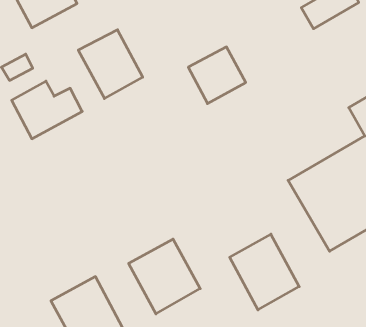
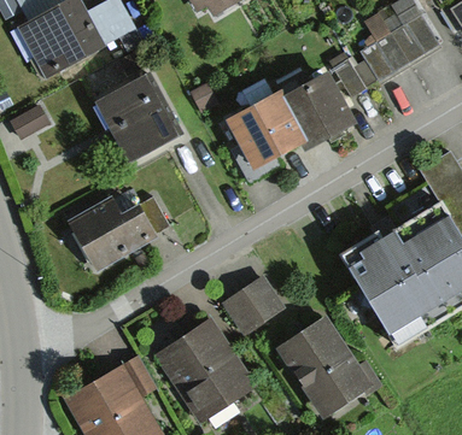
building: none -> [280,60,364,145]
building: [12,81,82,139] -> [68,196,152,265]
building: none -> [226,281,281,330]

